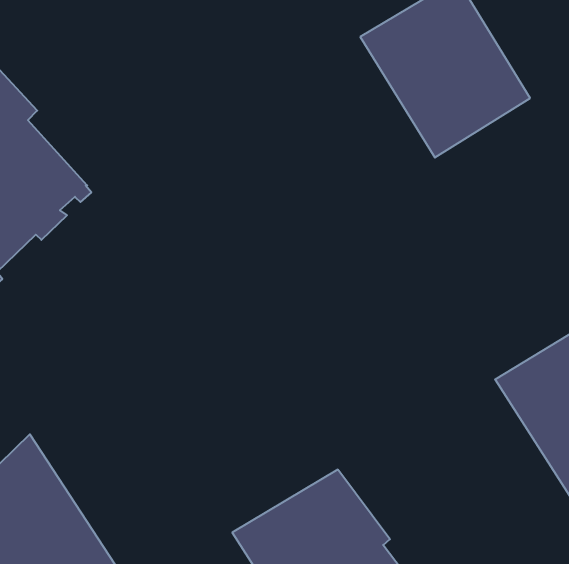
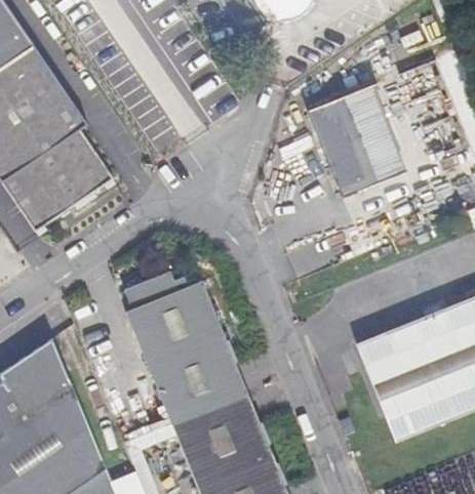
building: none -> [121,266,245,420]

